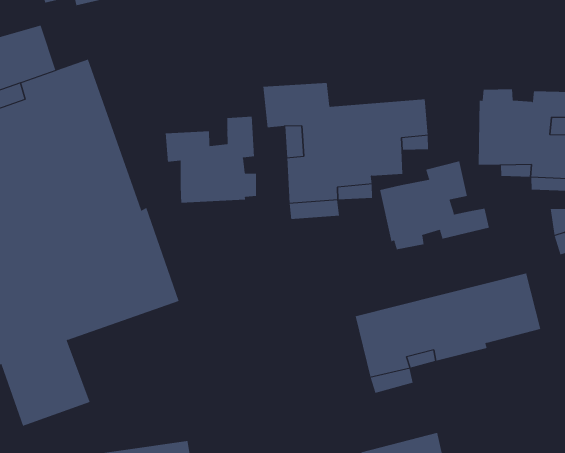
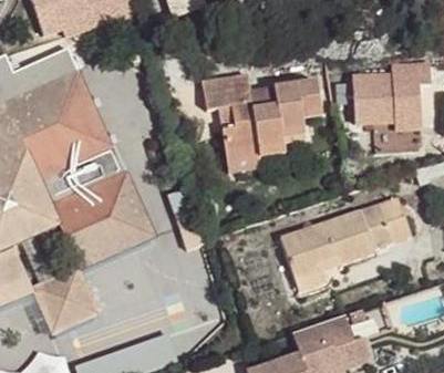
building: [165,116,256,203] -> none
building: [380,160,489,250] -> none

